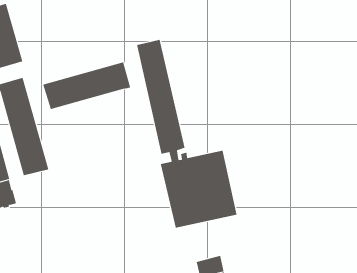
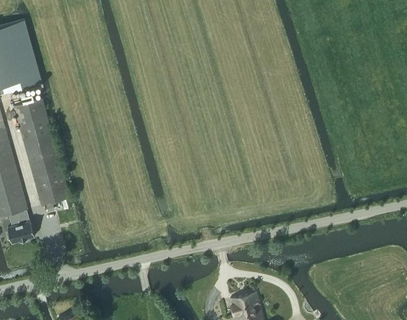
building: [137,39,237,228] -> none
building: [43,62,131,110] -> none

